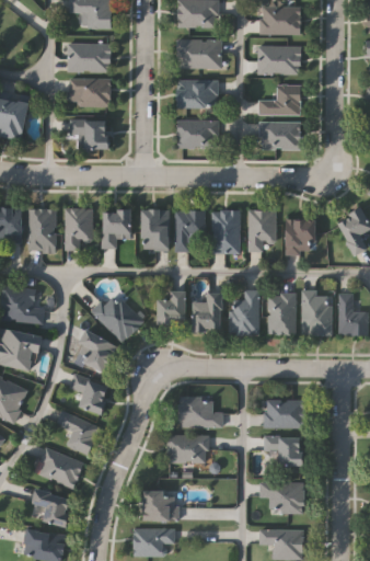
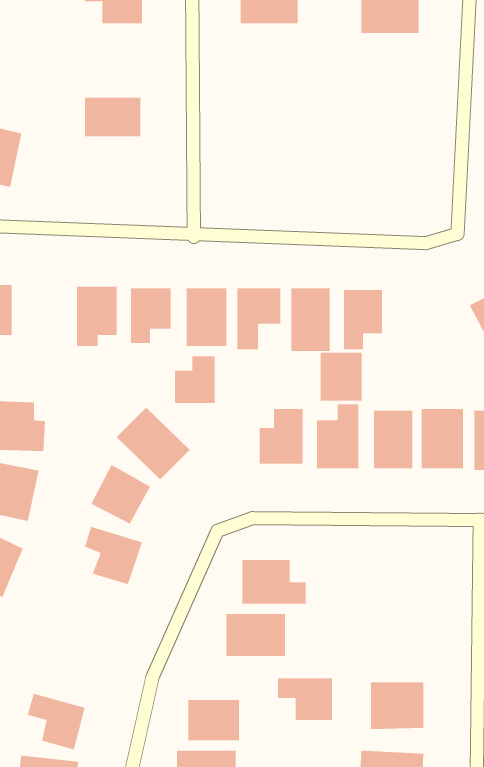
building: [176,38,221,68] -> none
building: [68,43,109,71] -> none
building: [257,46,300,73] -> none
building: [176,79,218,107] -> none
building: [259,83,300,114] -> none
building: [69,119,111,149] -> none
building: [176,119,219,149] -> none
building: [259,121,302,149] -> none
building: [28,209,57,249] -> none
building: [285,219,314,253] -> [320,352,363,401]
building: [155,290,184,323] -> [174,356,215,403]
building: [264,399,305,427] -> none
building: [57,411,100,455] -> none
building: [264,436,302,466] -> [277,678,333,721]
building: [36,448,84,488] -> none

